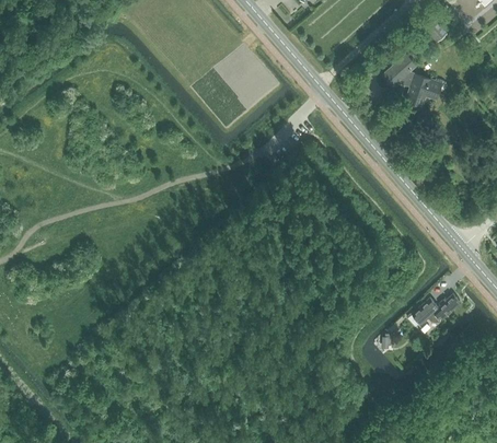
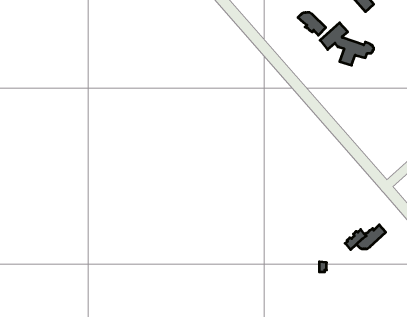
building: none -> [298,12,326,35]

